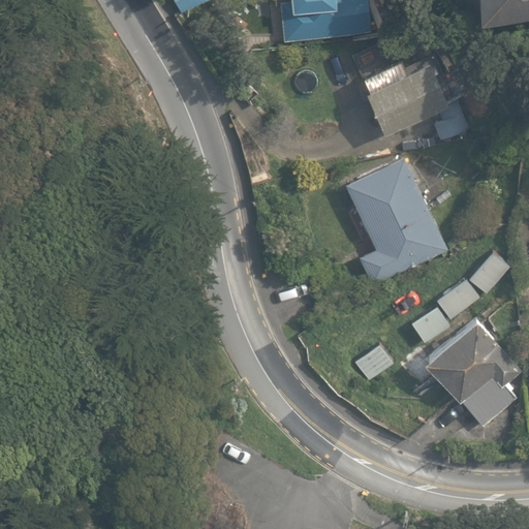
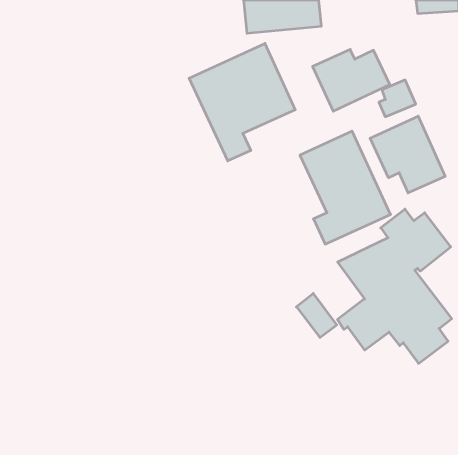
building: none -> [189,43,295,161]
building: none -> [370,116,445,193]

